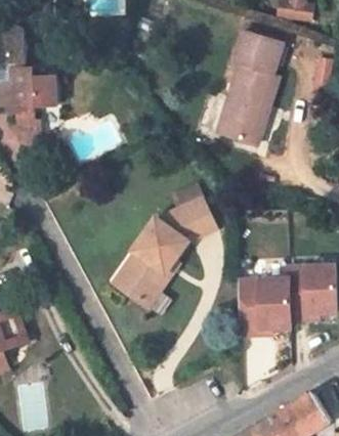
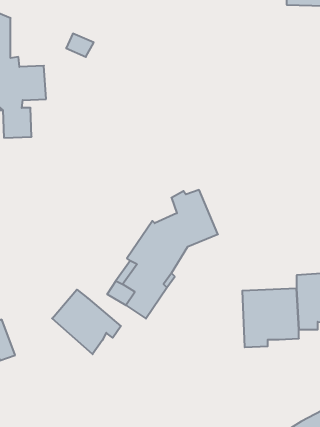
building: [218,32,281,144] -> none
building: none -> [52,290,121,354]

